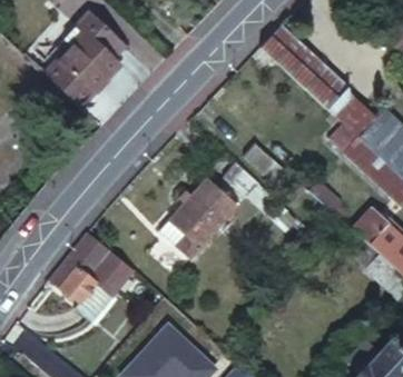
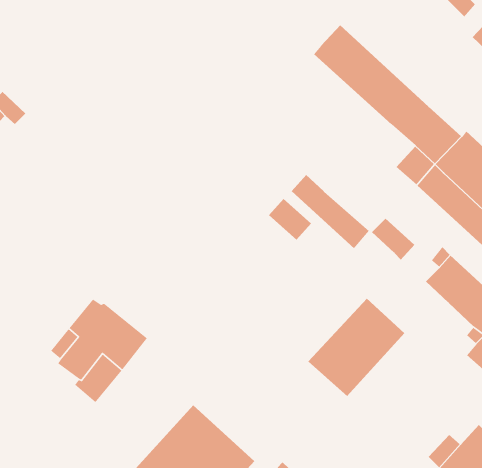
building: [45,12,125,107] -> none
building: [163,178,239,256] -> [308,298,405,397]

